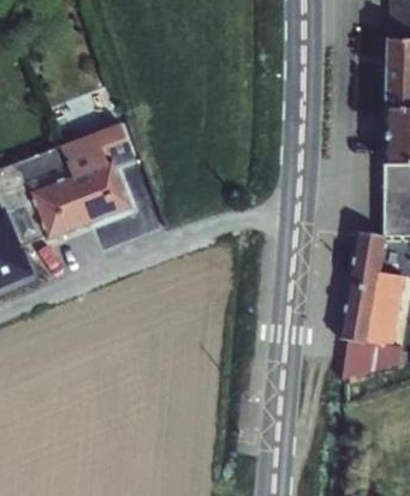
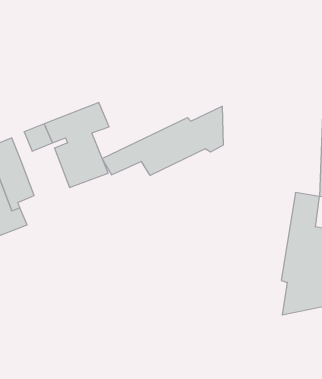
building: none -> [102,106,223,175]
building: [28,179,85,241] -> none

